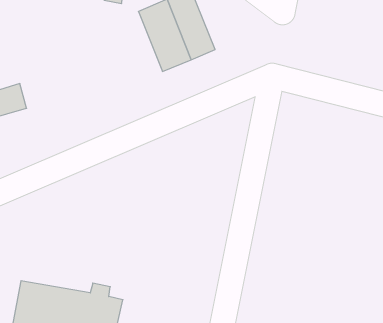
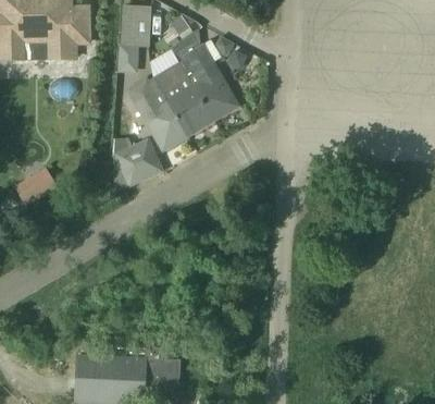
building: none -> [133,77,186,145]
building: none -> [114,137,162,189]

